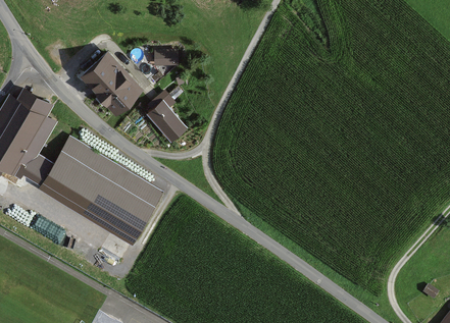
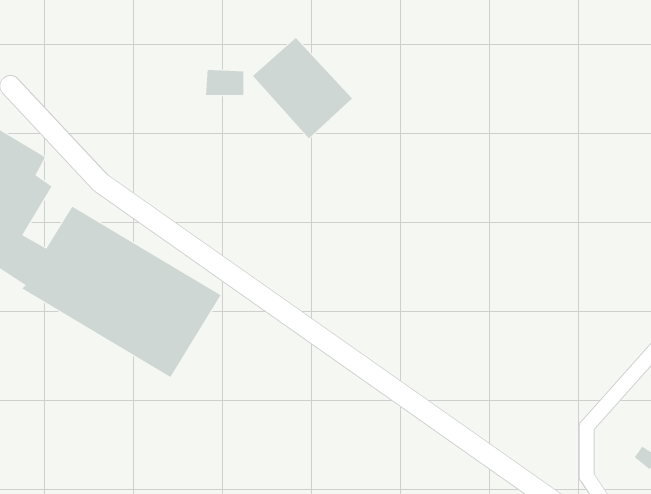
building: [79,47,142,111] -> [252,37,353,139]
building: [147,100,186,140] -> none

